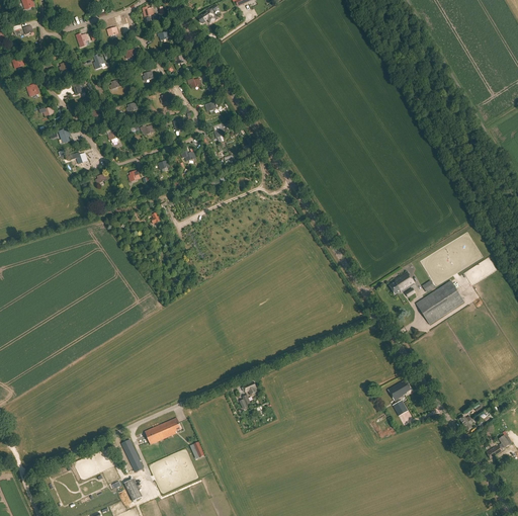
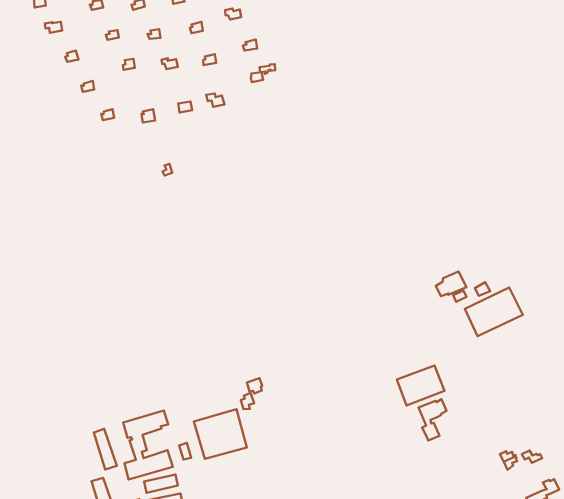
building: none -> [397,365,444,406]
building: none -> [194,409,247,459]

